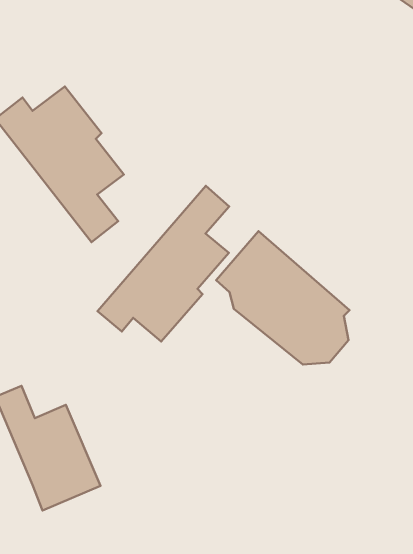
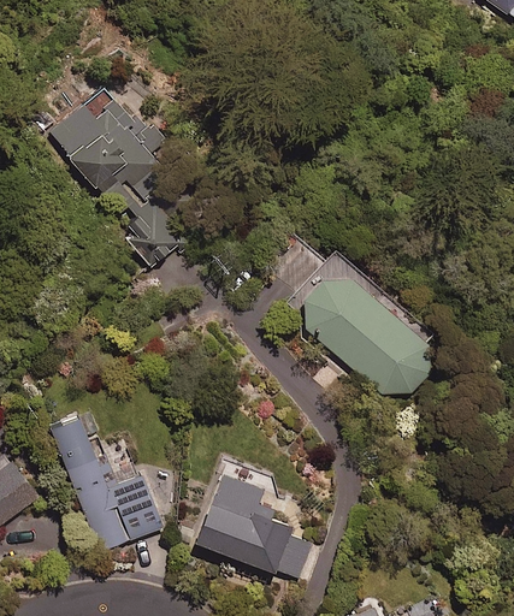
building: [97,186,229,341] -> none
building: none -> [195,473,312,578]

